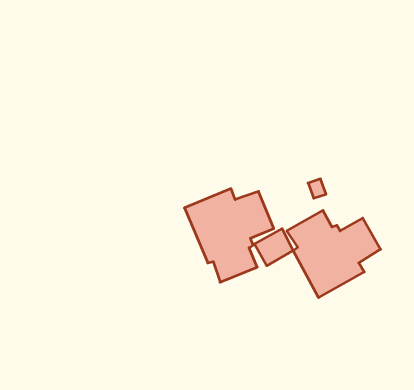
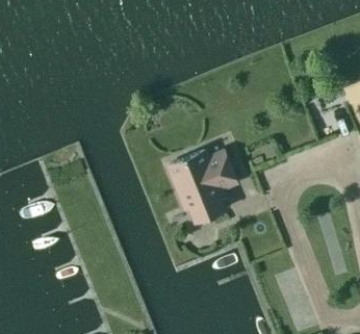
building: [287,210,381,298] -> none

